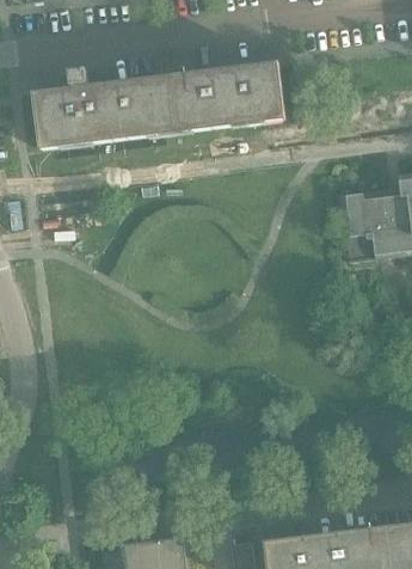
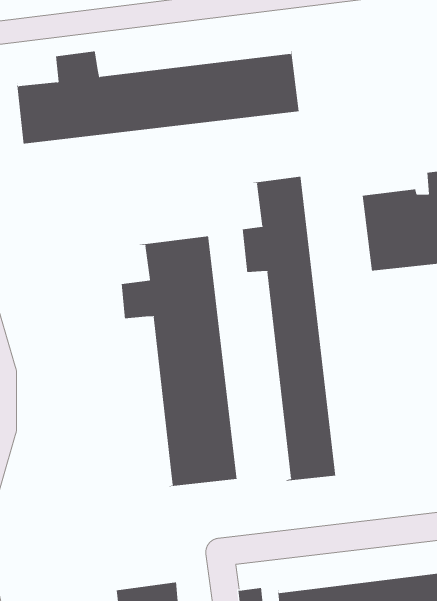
building: none -> [242,176,336,481]
building: none -> [121,235,237,488]

